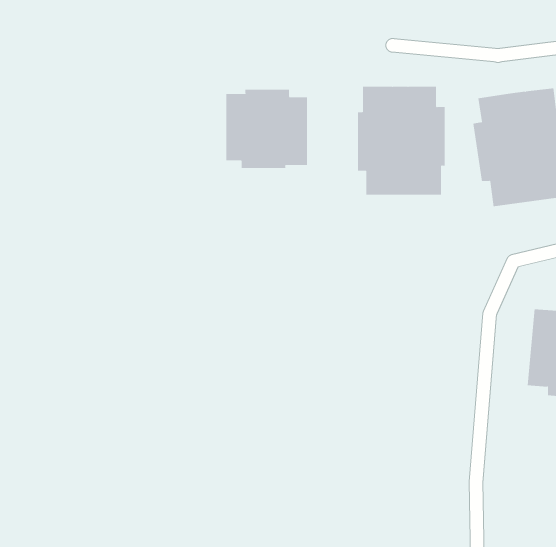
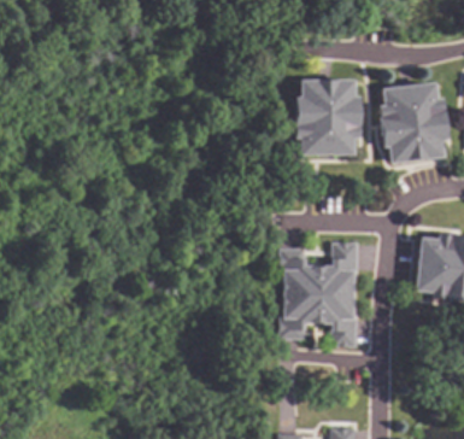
building: [226,89,307,169] -> none
building: none -> [281,244,358,346]

